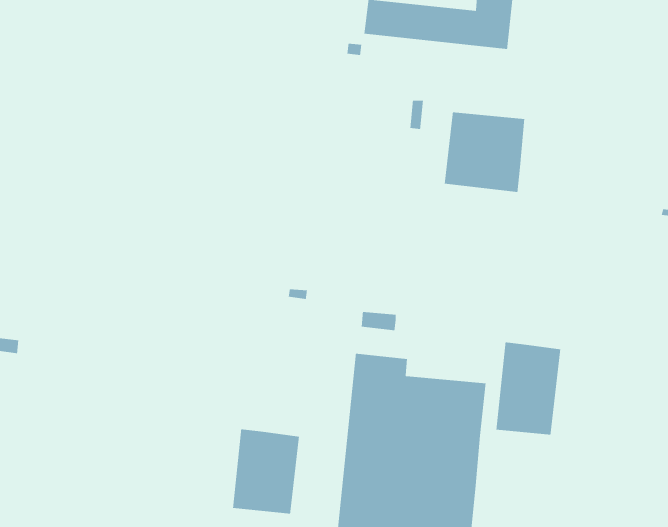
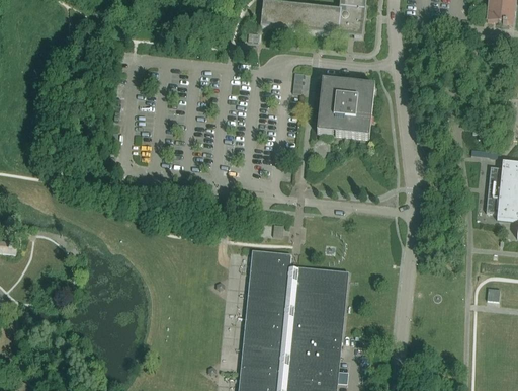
building: [496,342,561,435] -> none
building: [232,429,300,514] -> none

